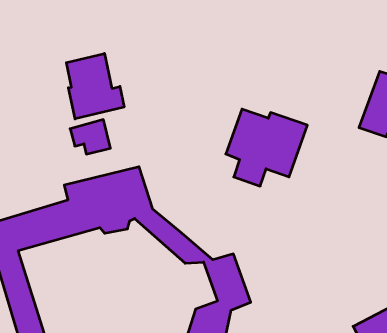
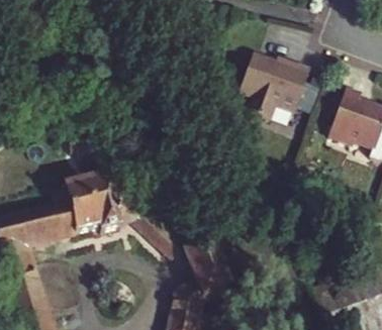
building: [66,53,124,119] -> none
building: [226,109,307,186] -> [236,54,308,122]

